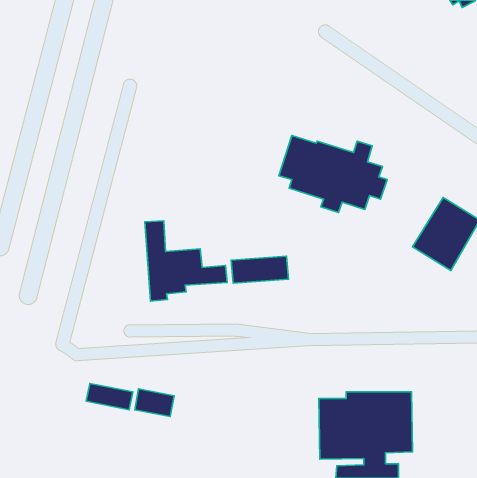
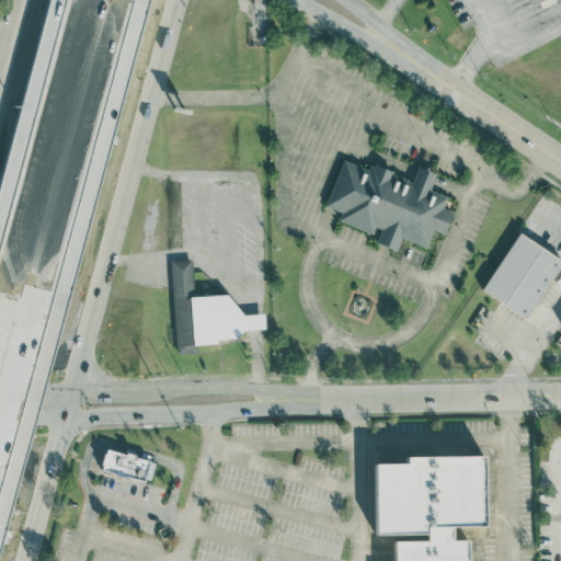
building: [231,256,288,283] -> none
building: [135,389,174,417] -> none

